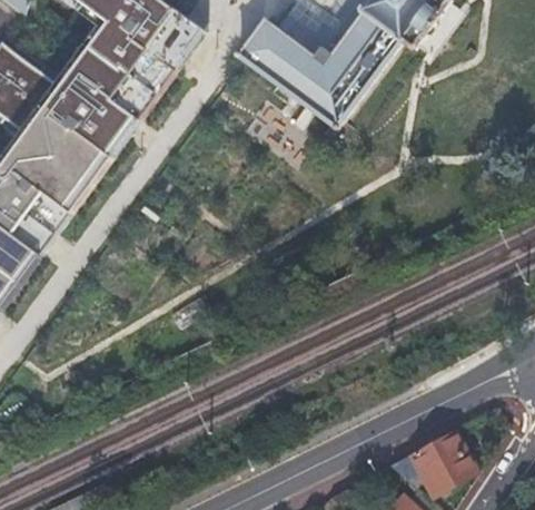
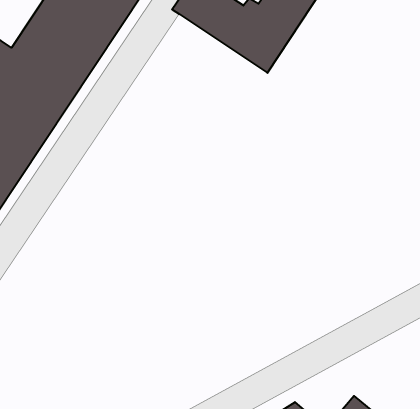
building: [388,428,474,491] -> none

